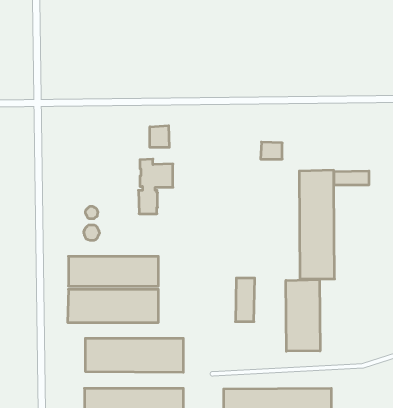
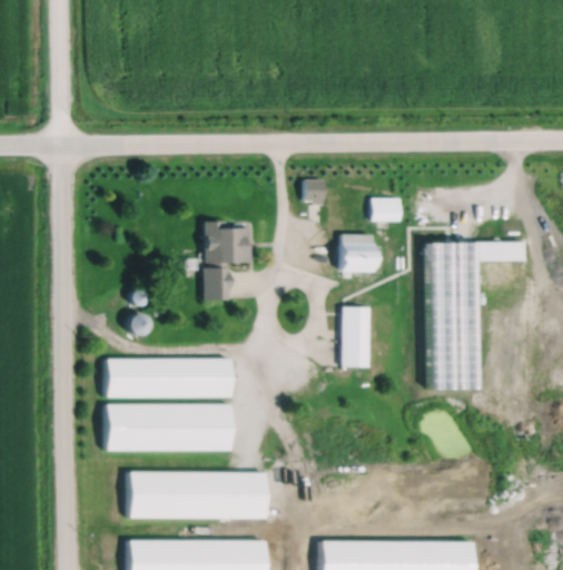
building: [150,126,169,147] -> none
building: none -> [305,181,325,207]
building: none -> [340,236,374,269]
building: [235,278,255,322] -> [342,306,368,366]
building: [286,280,320,351] -> none

